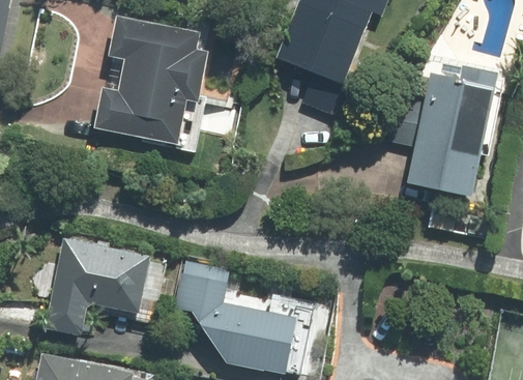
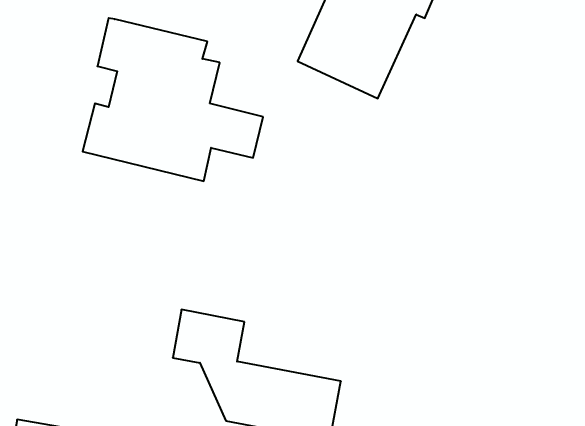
building: [406,70,500,191] -> none
building: [48,239,145,338] -> none

